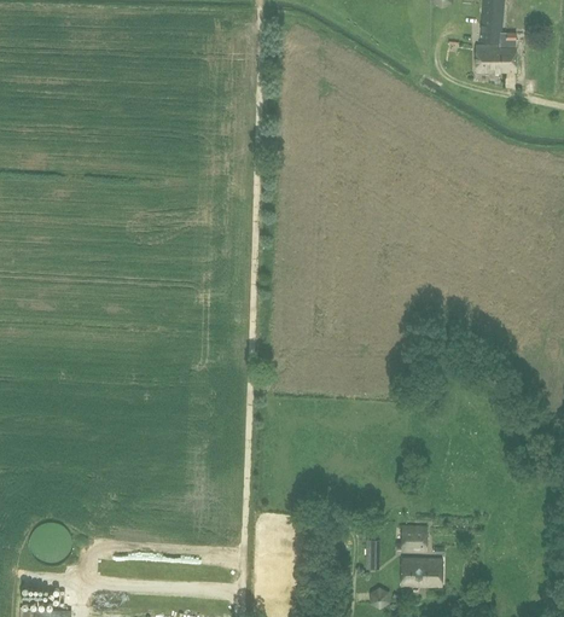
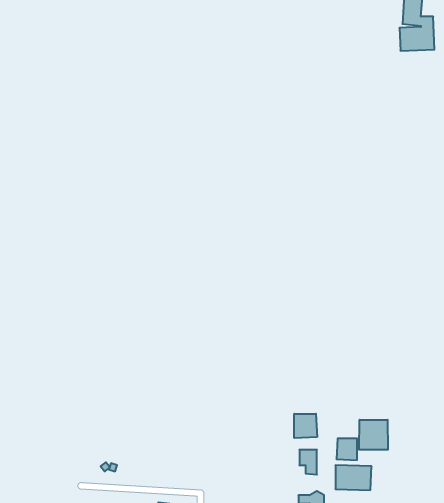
building: none -> [294,414,317,438]
building: none -> [359,420,388,450]

